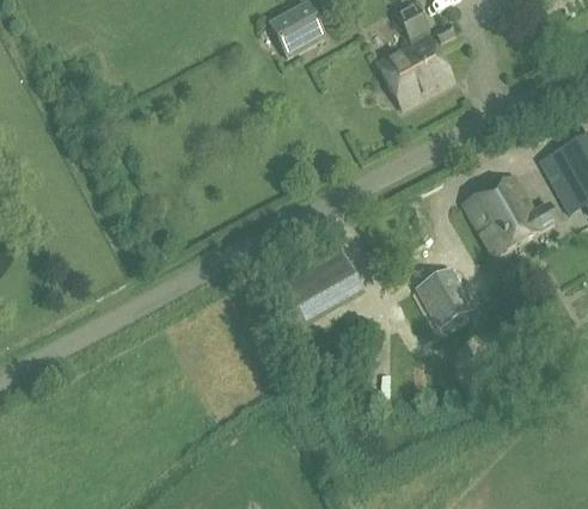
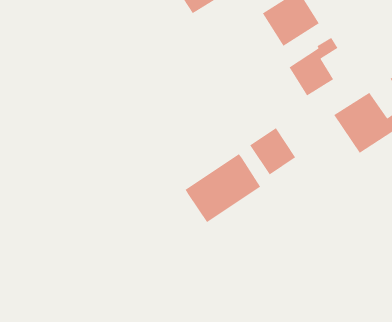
building: none -> [289,37,339,97]
building: [412,265,473,329] -> [249,127,296,176]

